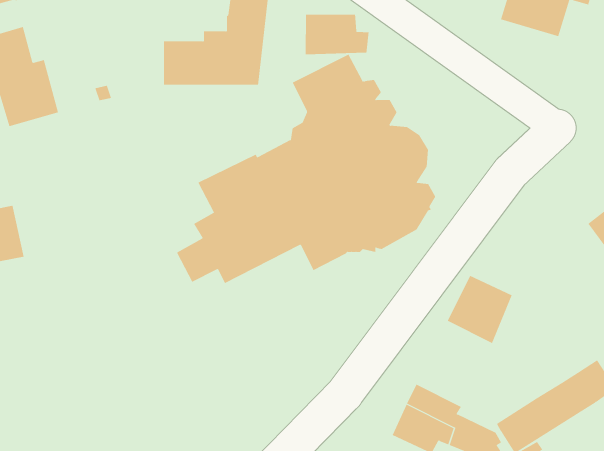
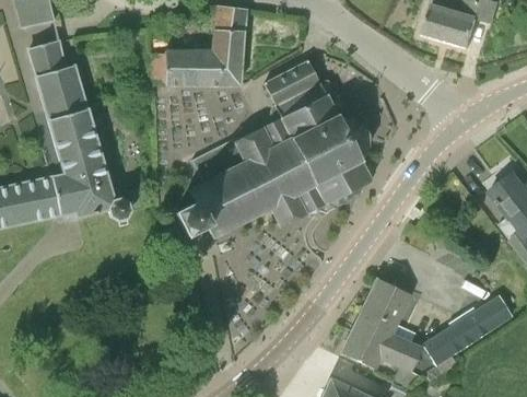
building: [305,14,369,55] -> none
building: none -> [47,106,130,221]
building: [447,275,513,344] -> [359,279,409,331]

